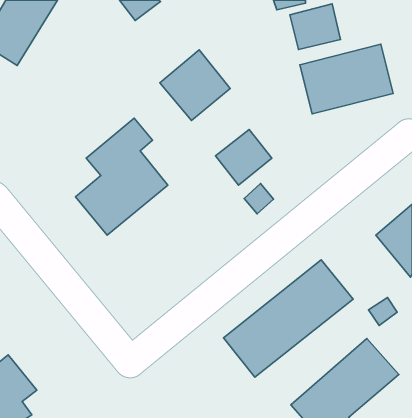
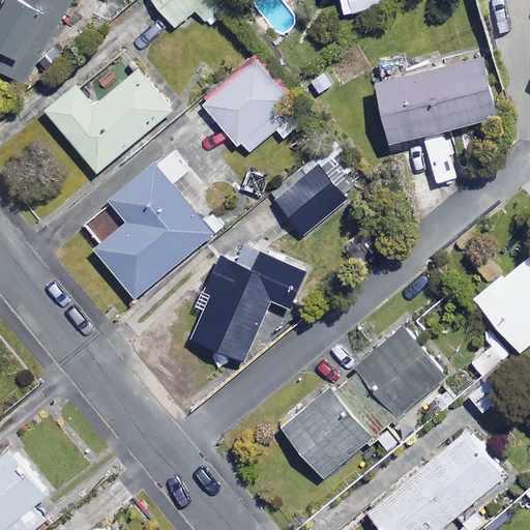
building: [290,4,340,50] -> none
building: none -> [46,69,172,172]
building: none -> [190,244,308,361]

